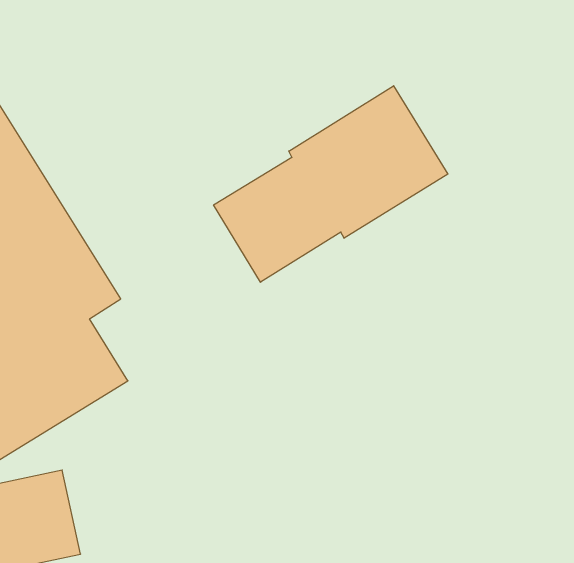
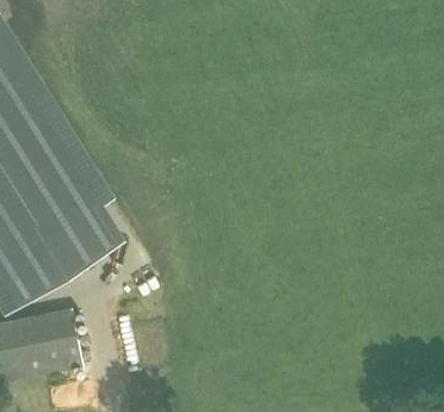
building: [214,86,448,282] -> none

